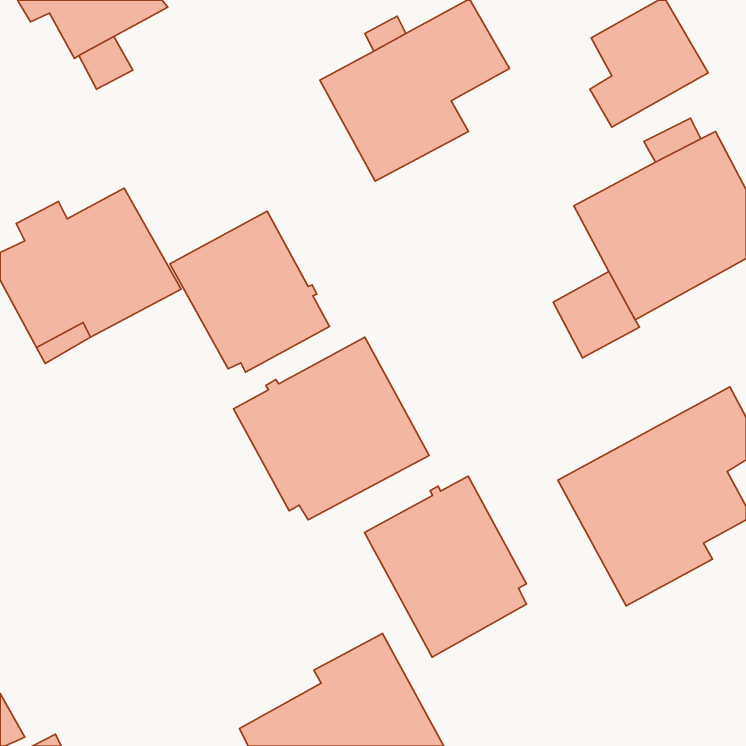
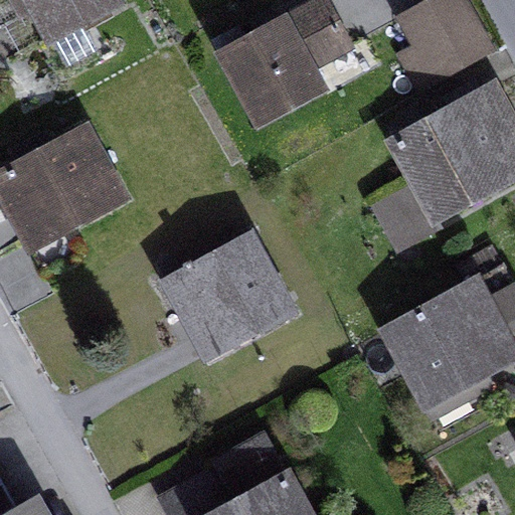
building: [170,211,330,372] -> none
building: [365,476,527,657] -> none

